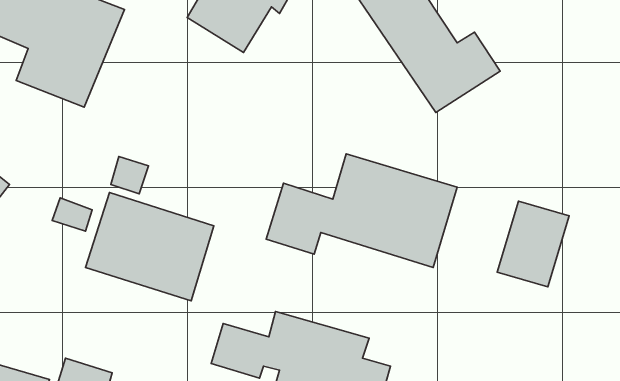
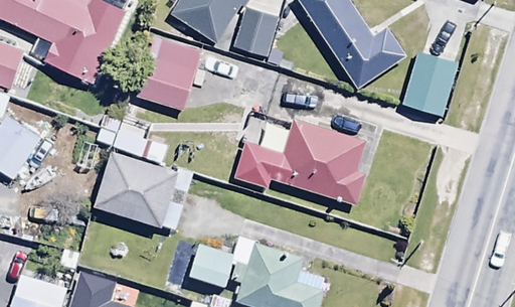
building: none -> [232,7,279,58]
building: none -> [136,34,200,109]
building: [497,201,569,287] -> [402,49,457,114]

